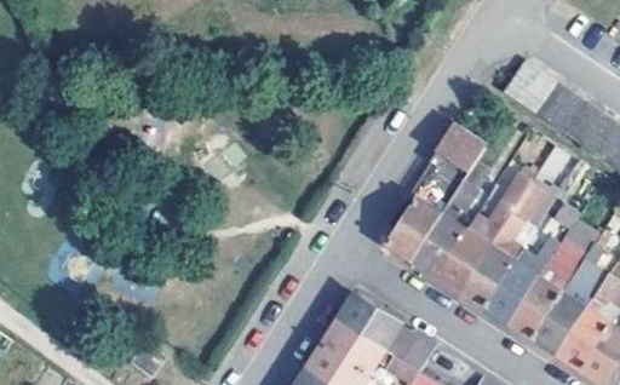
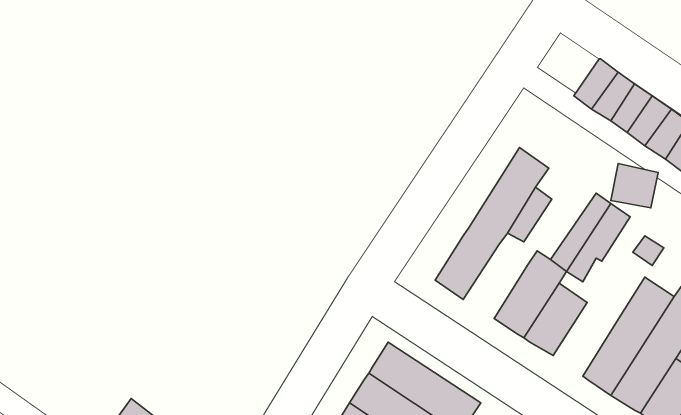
building: [414,213,467,274] -> none
building: [488,260,540,321] -> none

